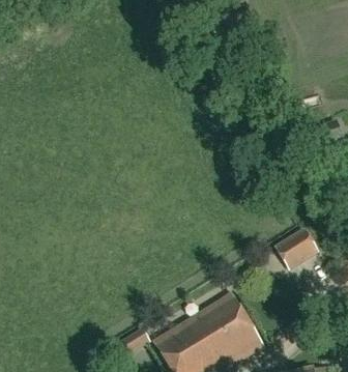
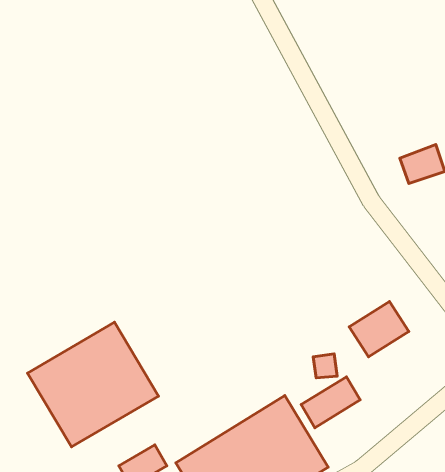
building: none -> [28,322,158,447]
building: none -> [301,377,360,428]

